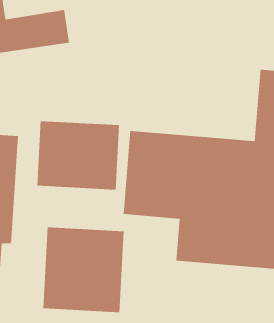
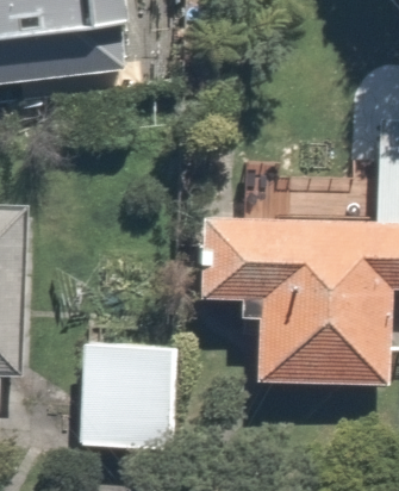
building: [37,120,119,190] -> none

